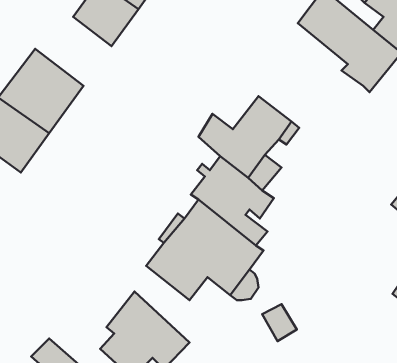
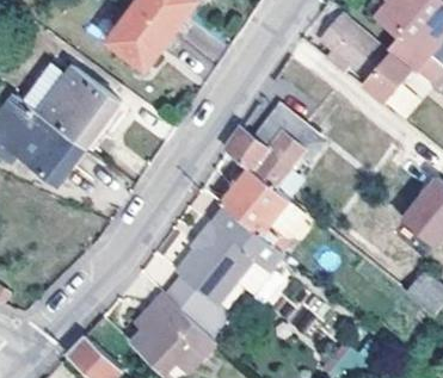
building: none -> [165,274,238,341]

